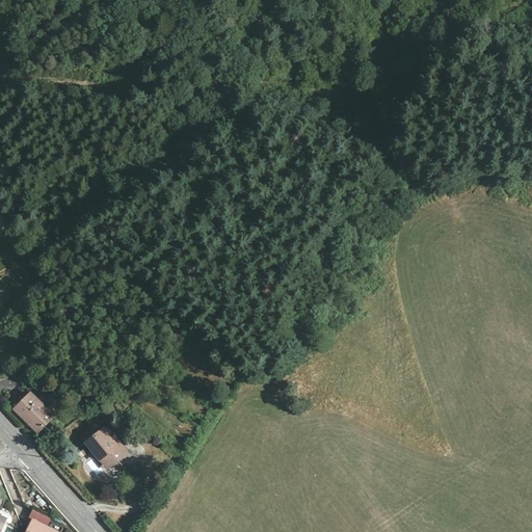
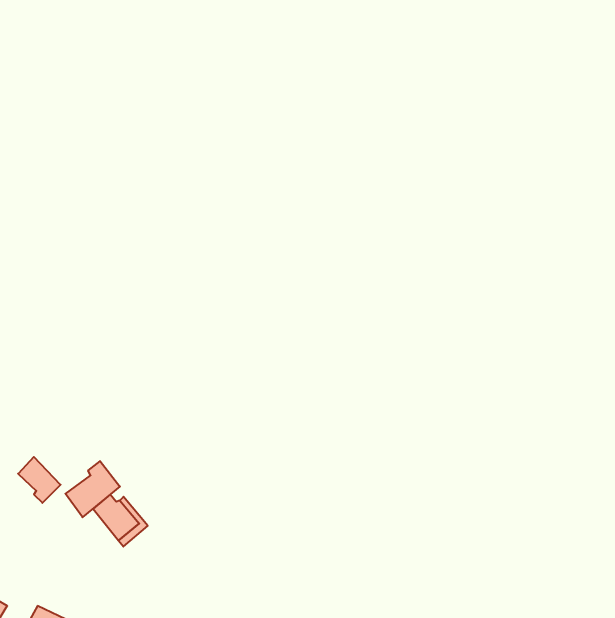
building: none -> [65,461,120,517]

